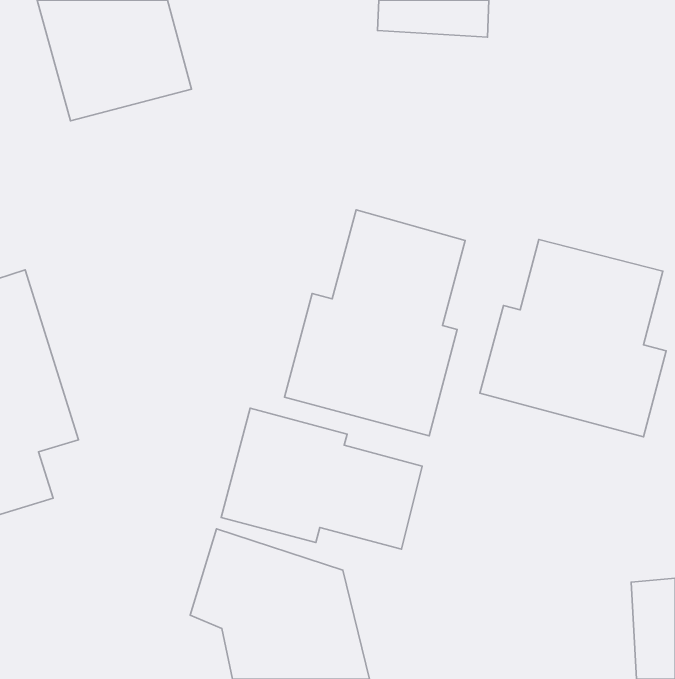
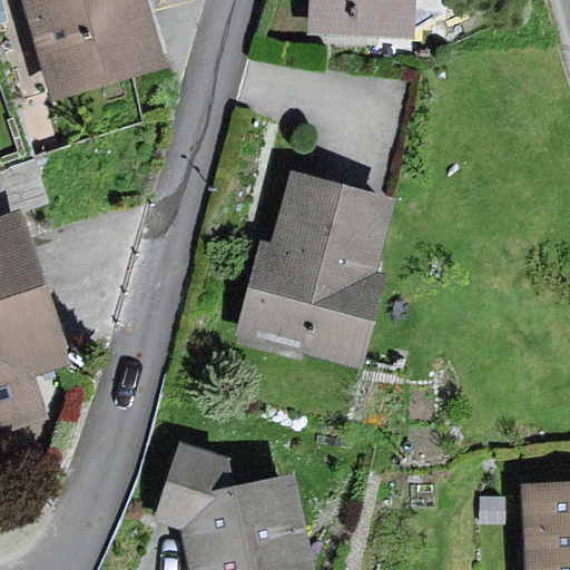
building: [480,239,666,437] -> none
building: [221,408,422,549] -> none

